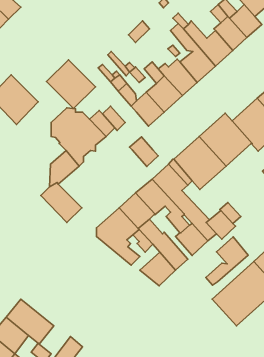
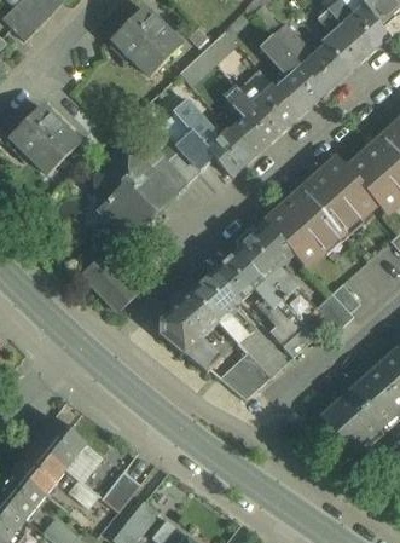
building: [47,60,95,108] -> [114,7,181,75]
building: [129,137,158,166] -> [175,131,215,172]
building: [206,237,248,285] -> none

